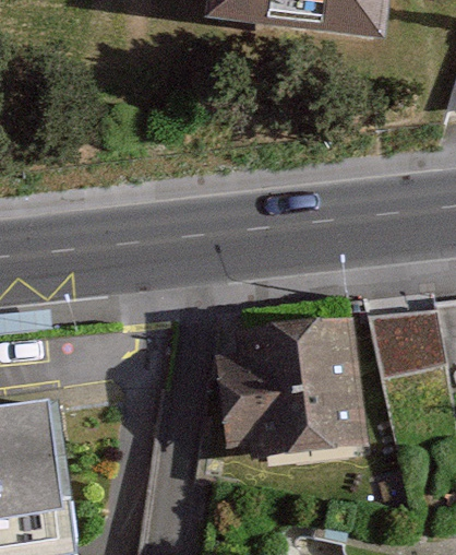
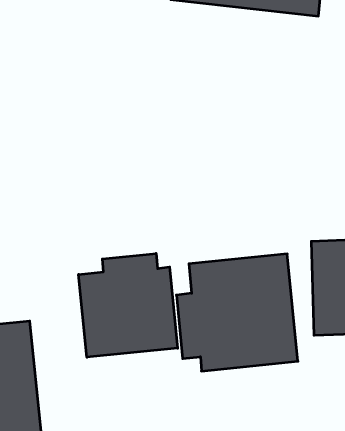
building: none -> [79,253,178,357]

